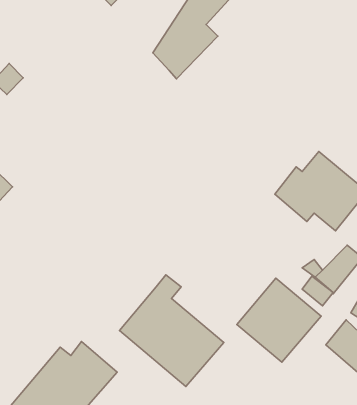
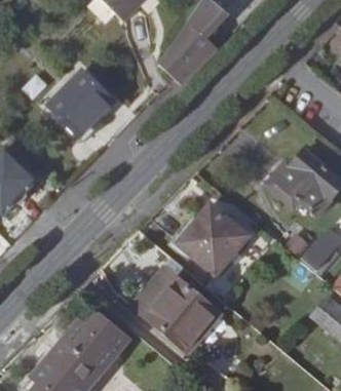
building: none -> [46,69,115,138]
building: [237,278,321,362] -> [176,203,249,276]

